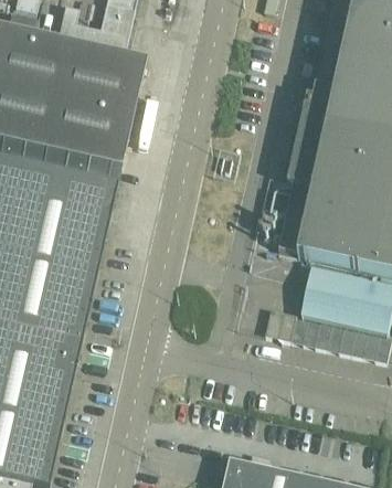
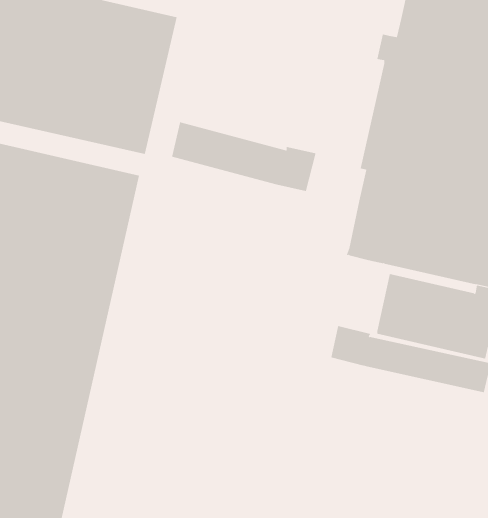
building: none -> [171,121,316,192]

